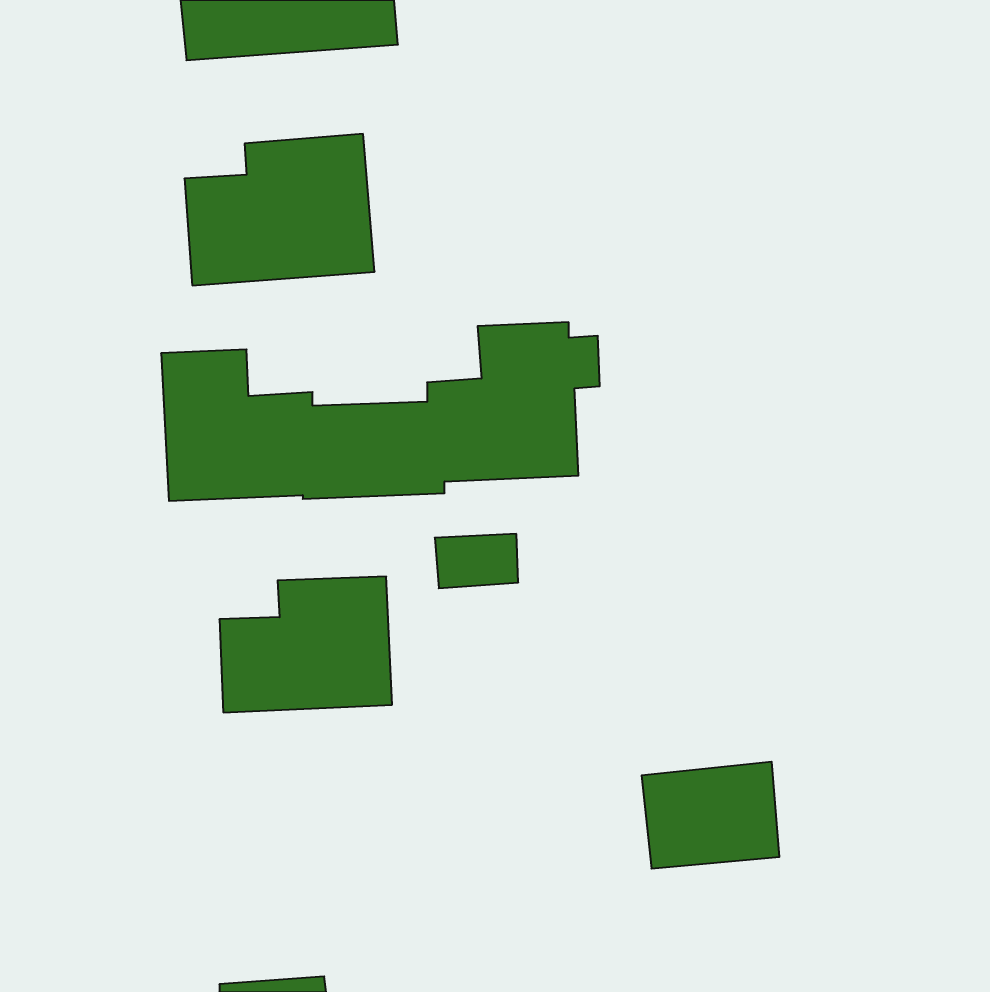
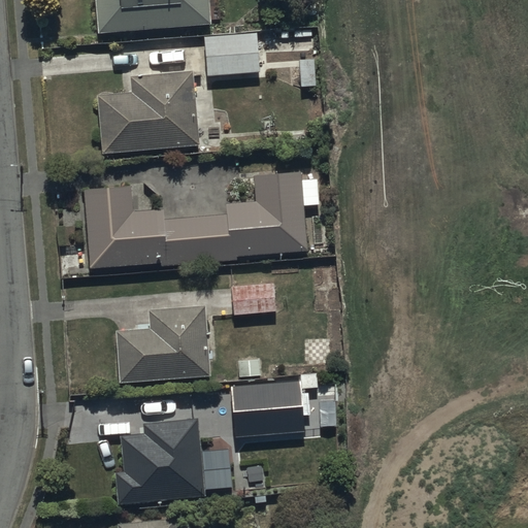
building: none -> [204,32,260,75]
building: [642,762,779,869] -> [230,381,303,437]
building: none -> [116,420,234,502]

